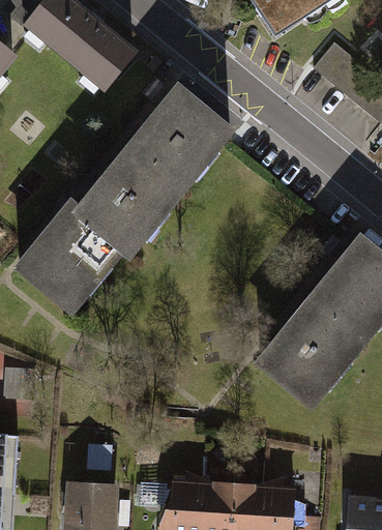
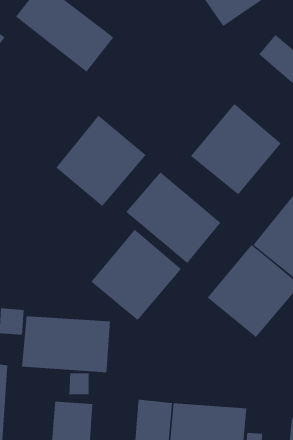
building: [126,80,234,188] -> [190,103,281,195]
building: [22,204,129,313] -> [91,229,182,321]
building: none -> [125,172,221,264]
building: none -> [22,315,110,373]

